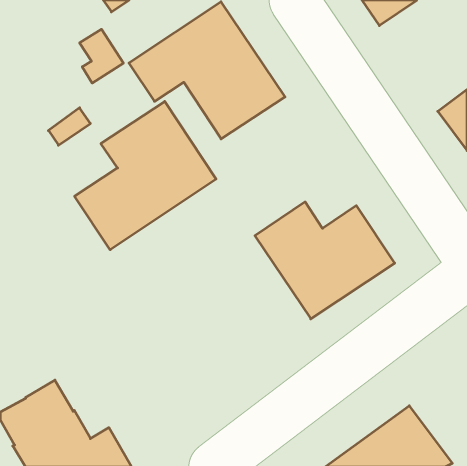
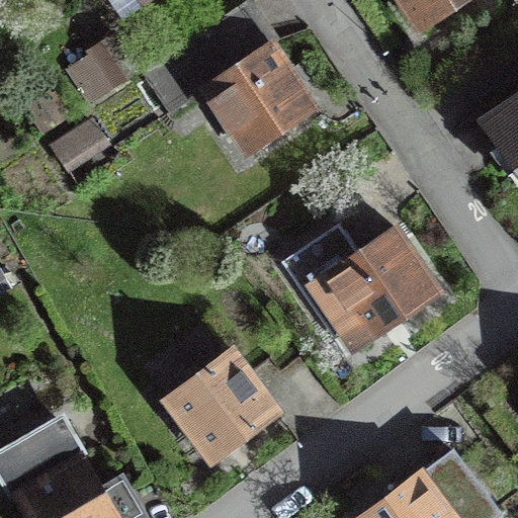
building: [75,101,216,250] -> none
building: none -> [165,349,277,460]

